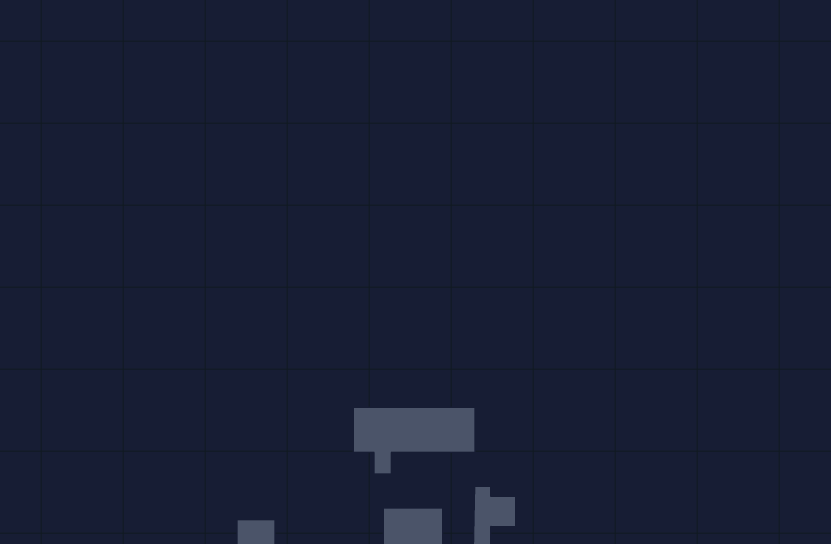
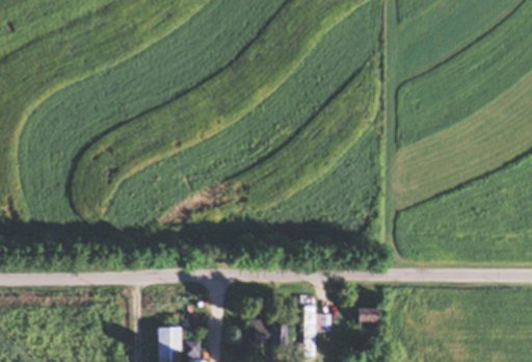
building: [354,407,475,474] -> none
building: none -> [357,307,379,327]

